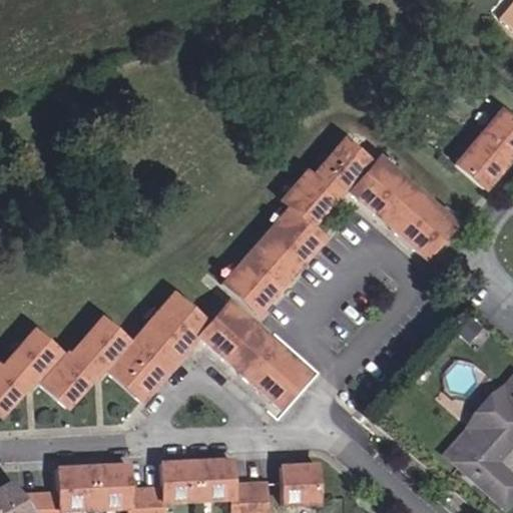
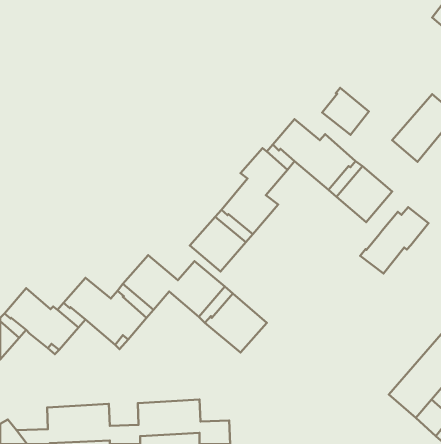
building: none -> [322,88,369,135]
building: none -> [360,207,429,274]
building: [285,466,322,505] -> none

